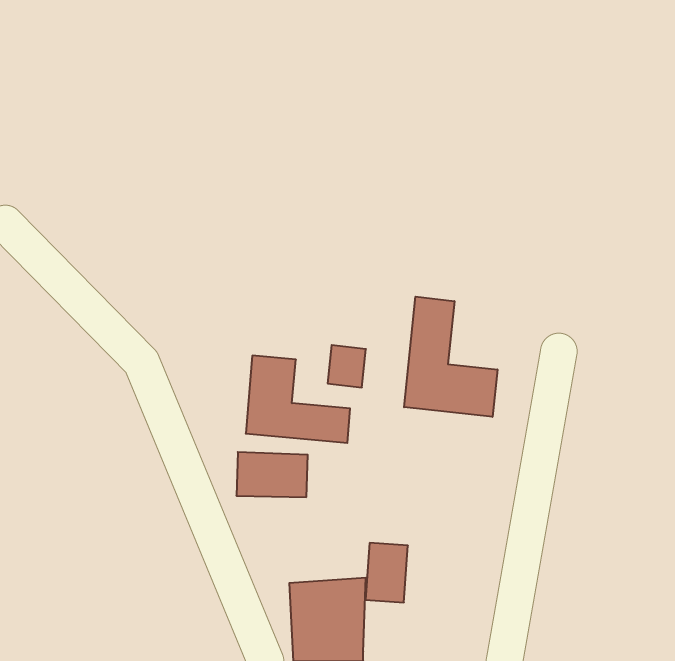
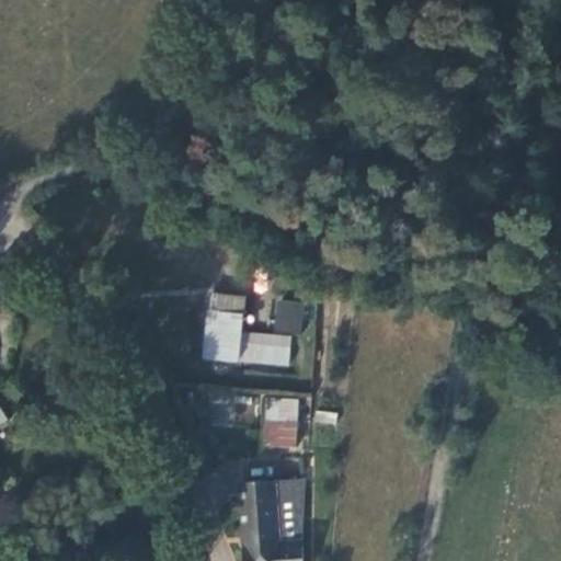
building: [404,297,497,417] -> none
building: [366,543,408,602] -> [265,399,300,448]

